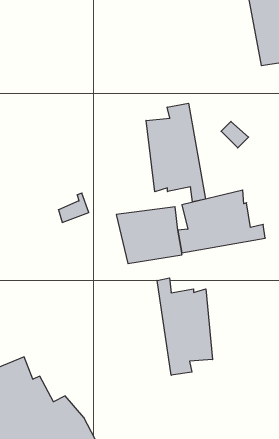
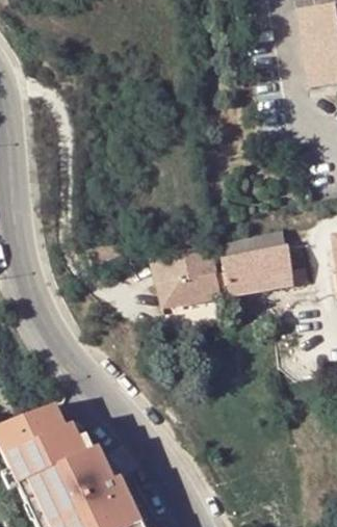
building: [146,103,205,202] -> none
building: [157,278,213,375] -> none

